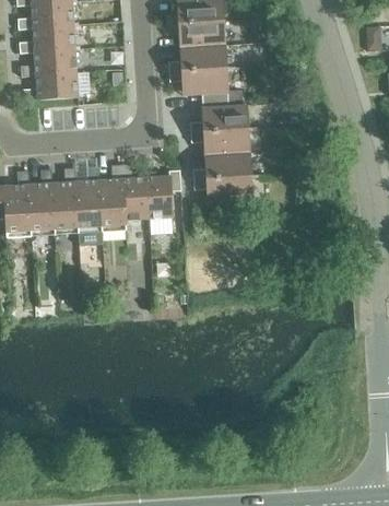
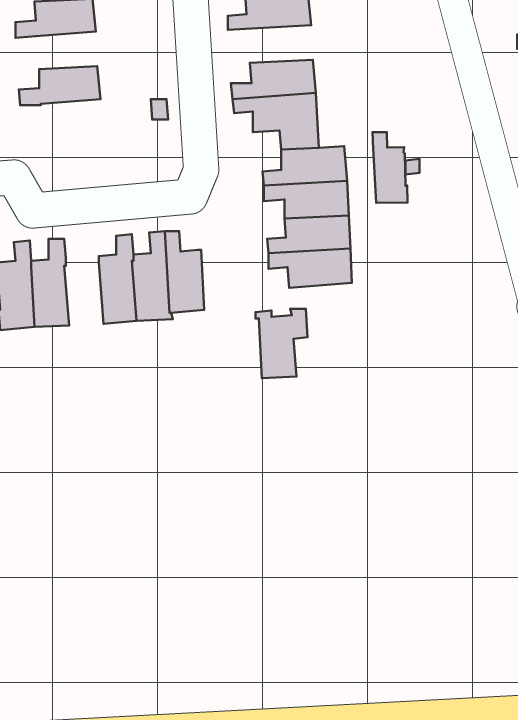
building: [165,21,224,47] -> none
building: [19,25,74,54] -> none
building: [22,72,78,101] -> none
building: none -> [373,132,407,203]
building: [51,167,79,230] -> none
building: [144,170,180,219] -> [256,309,308,378]

